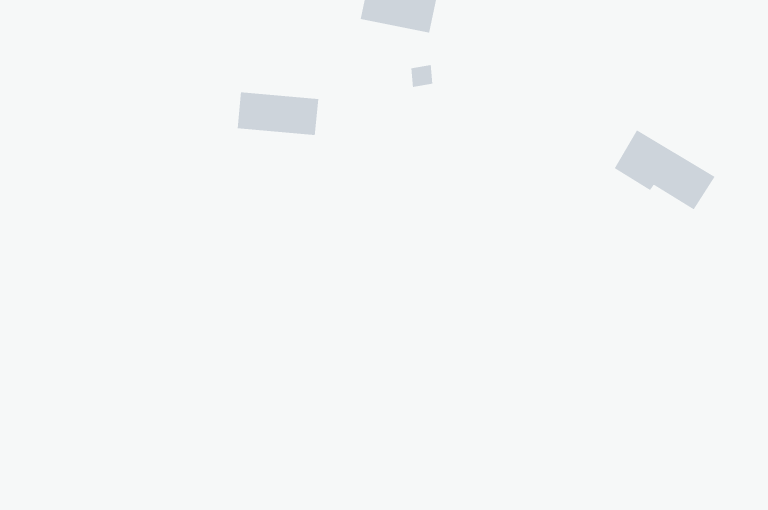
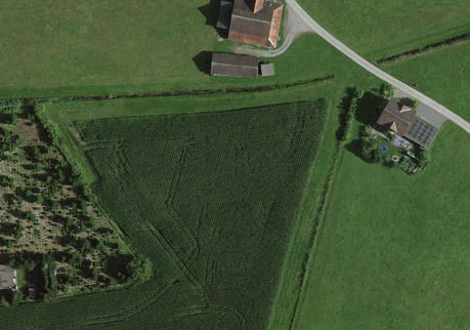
building: [237,92,319,136] -> [208,52,256,78]

